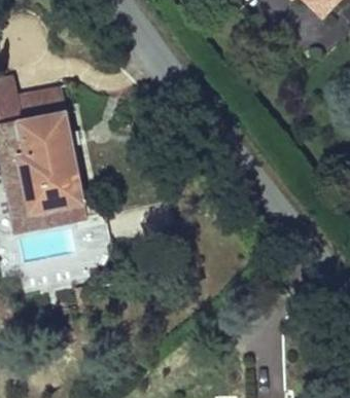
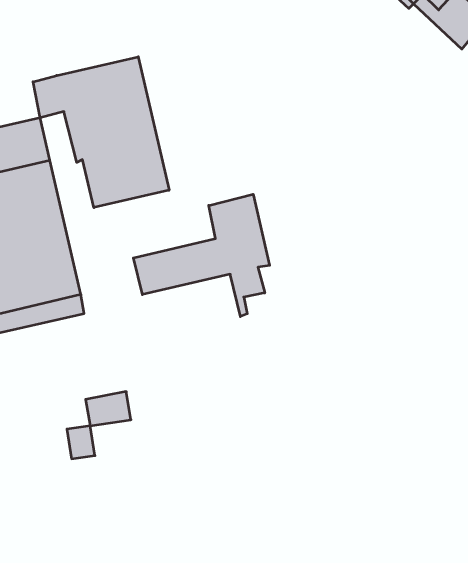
building: none -> [33,57,169,208]
building: none -> [133,194,270,317]

